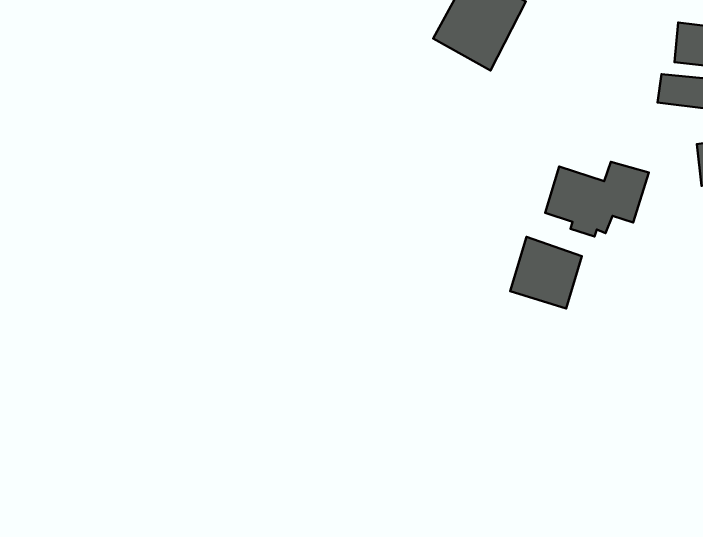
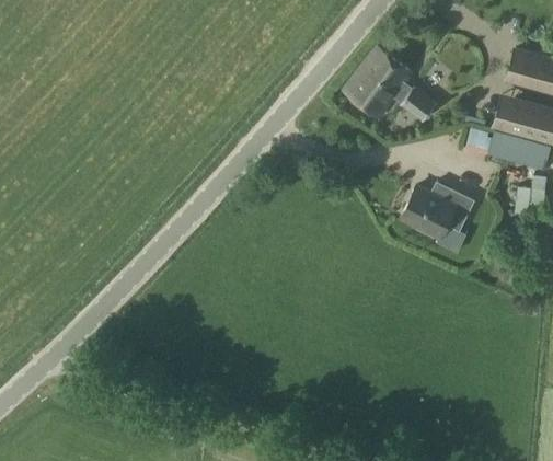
building: none -> [401,87,437,122]
building: [510,237,582,308] -> none

